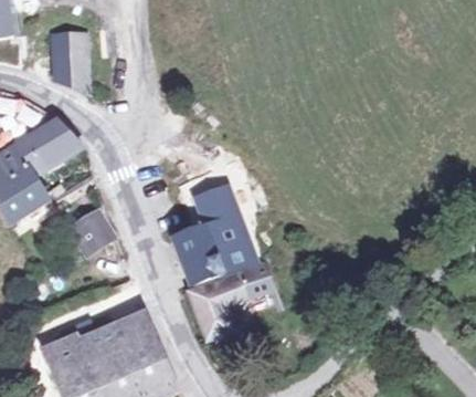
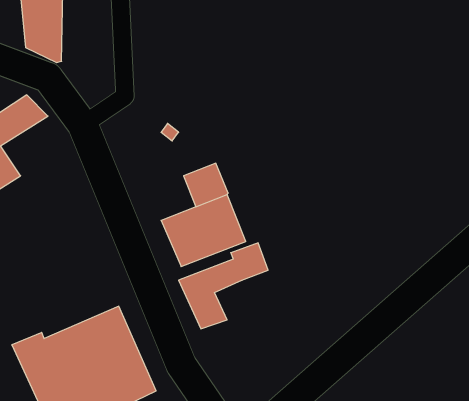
building: [71,207,114,248] -> none

